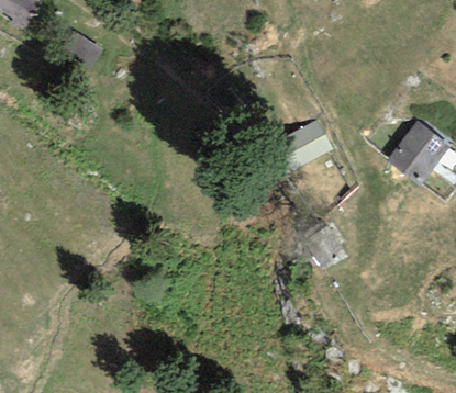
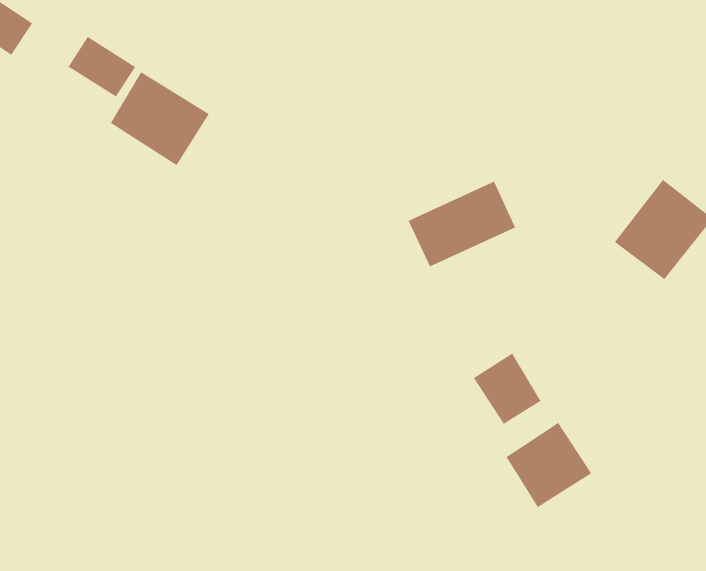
building: none -> [110,71,210,166]
building: none -> [506,422,592,508]

